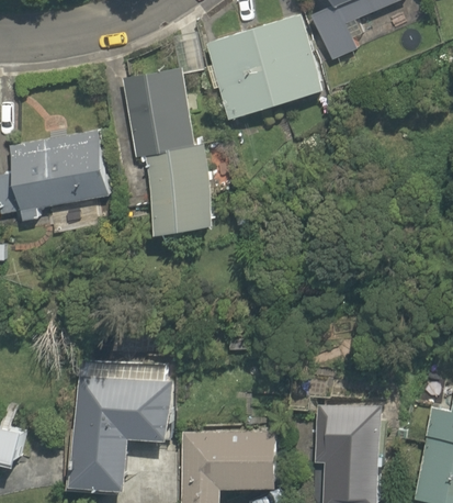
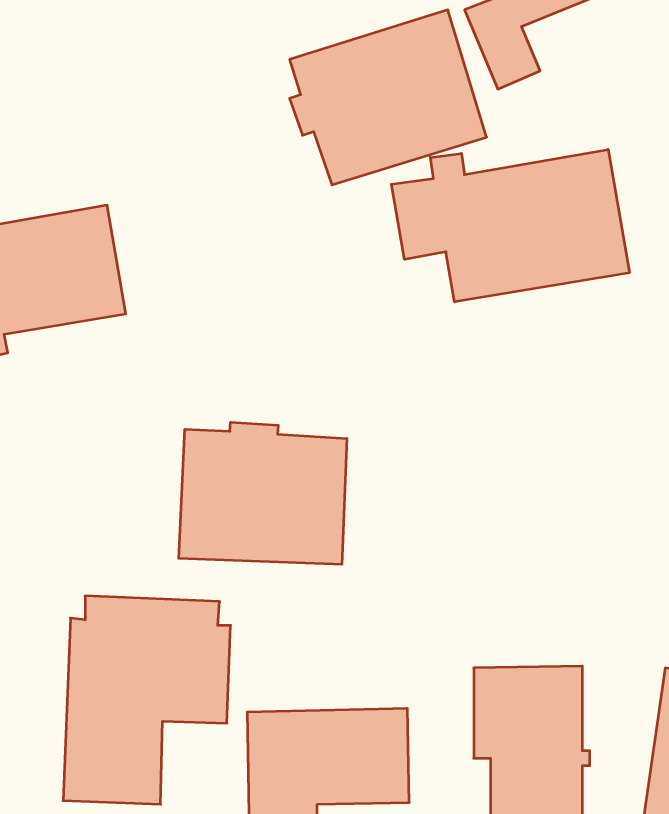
building: [121,33,216,234] -> none
building: none -> [391,149,629,302]
building: none -> [179,422,347,564]

